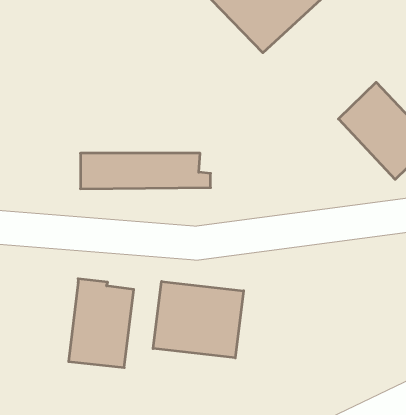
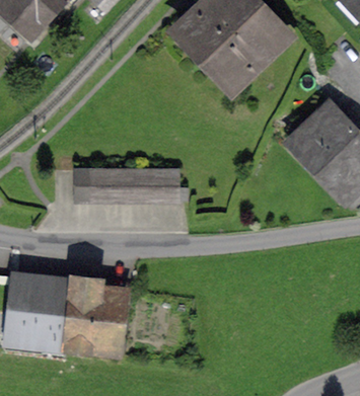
building: none -> [9,274,72,348]
building: [153,281,244,358] -> none

